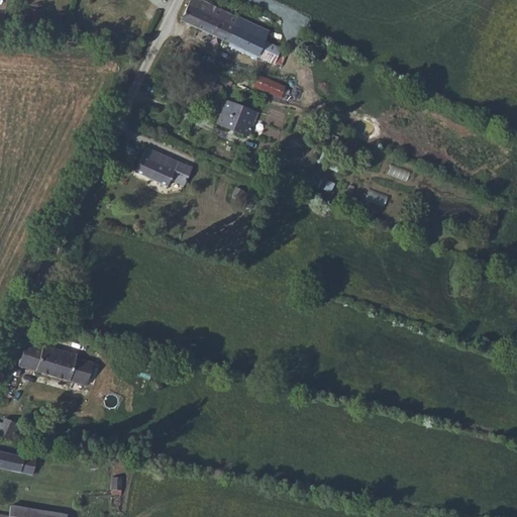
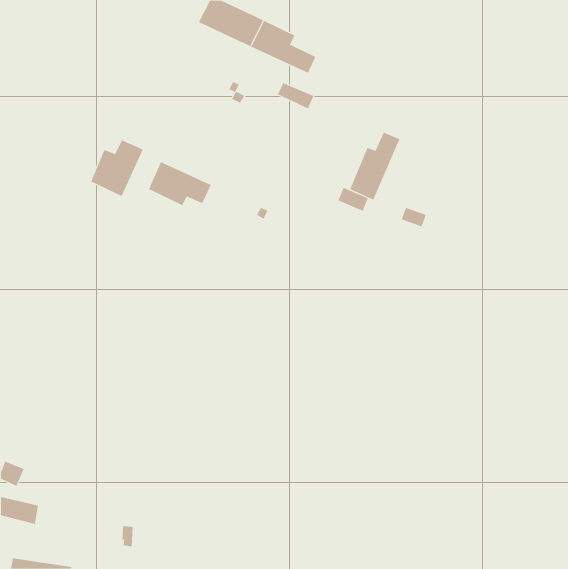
building: [216,100,258,136] -> none
building: none -> [350,132,400,200]
building: none -> [90,140,143,197]
building: [19,342,93,386] -> none

